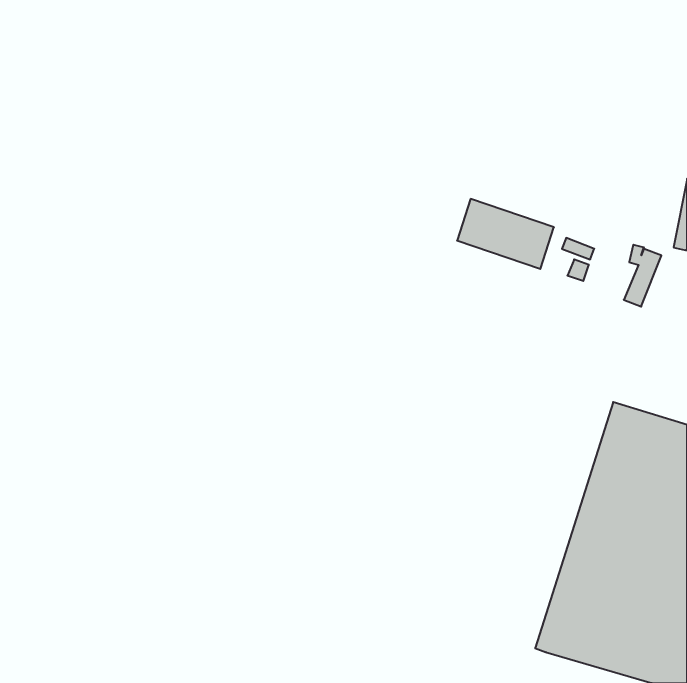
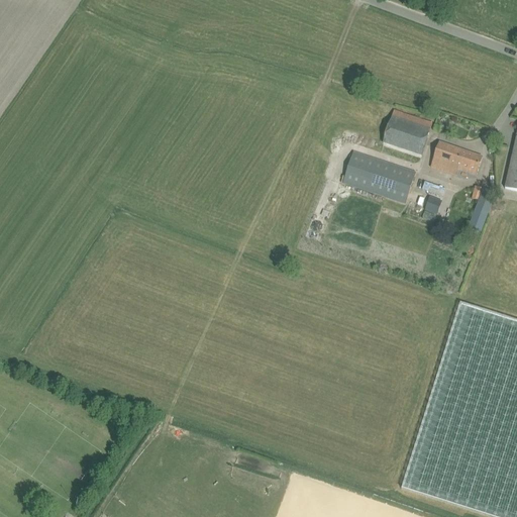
building: none -> [380,107,433,163]
building: none -> [430,140,483,174]

